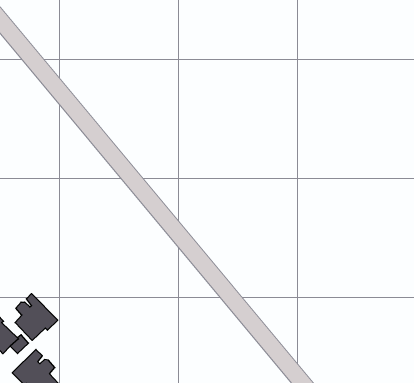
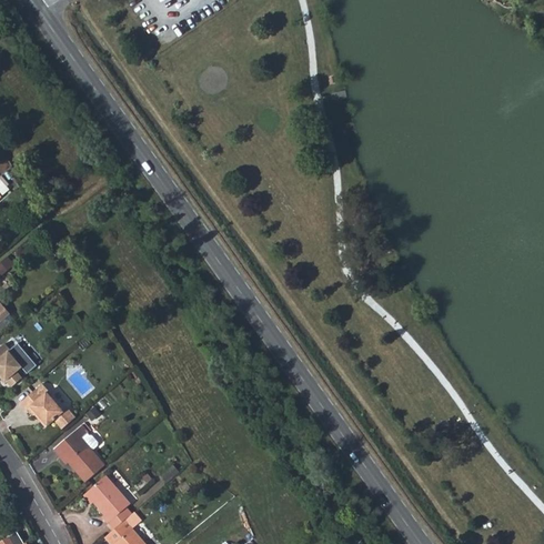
building: [15,294,58,340] -> none

